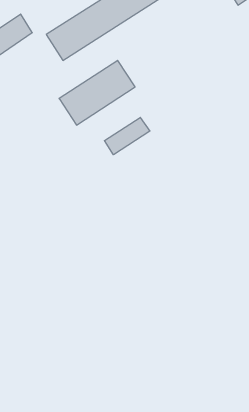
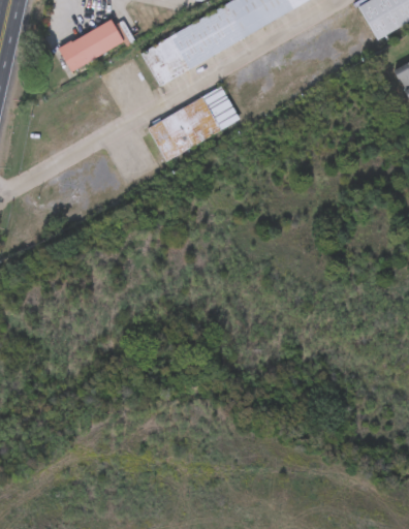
building: [104,117,150,155] -> none

